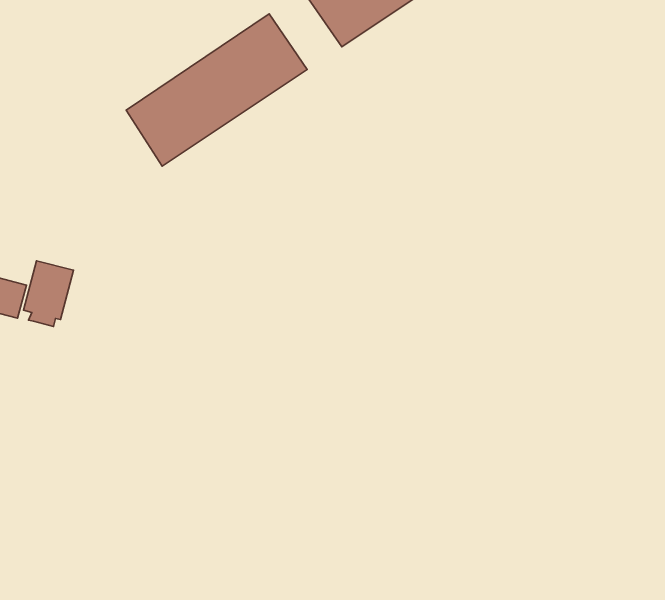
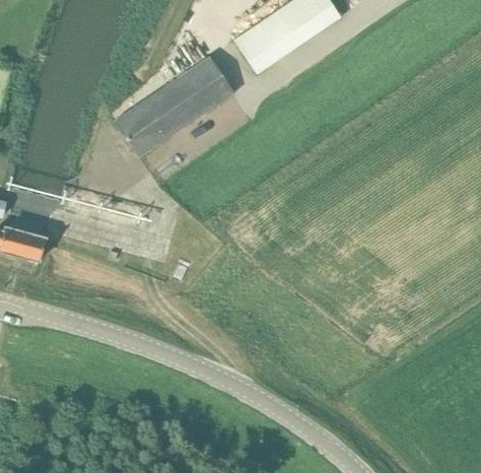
building: [24,261,74,327] -> none

